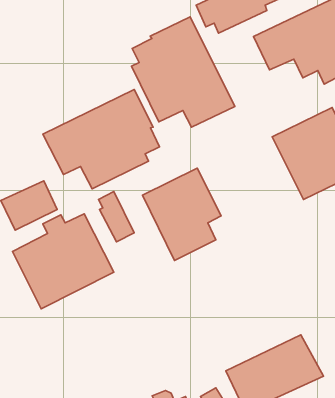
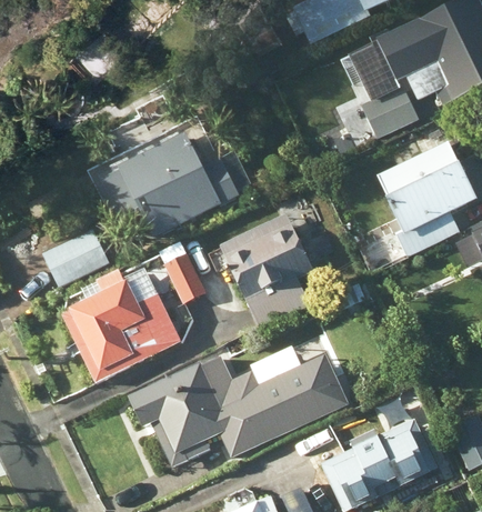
building: [131,17,235,127] -> none
building: none -> [360,86,418,140]
building: none -> [121,351,355,468]

